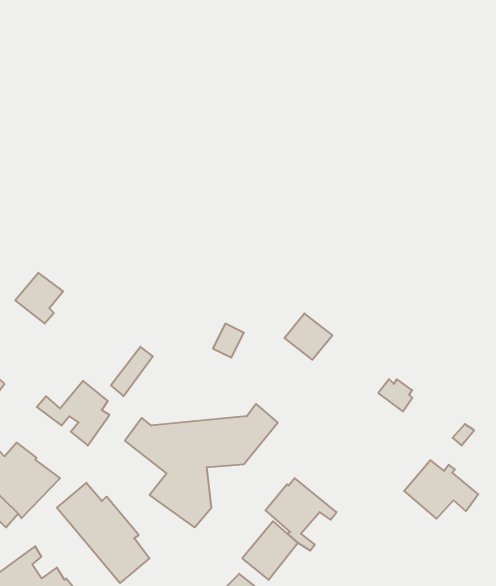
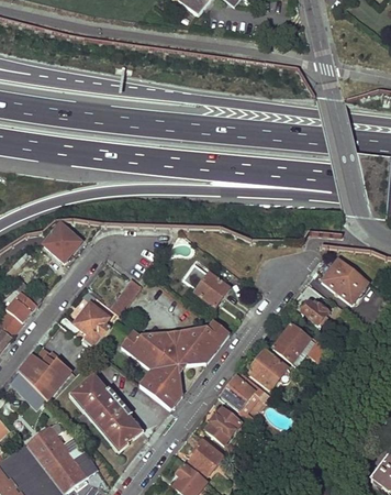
building: [284,313,332,360] -> [196,271,230,304]
building: none -> [322,258,368,304]
building: none -> [247,351,291,388]
building: [404,460,478,519] -> [272,324,325,366]

